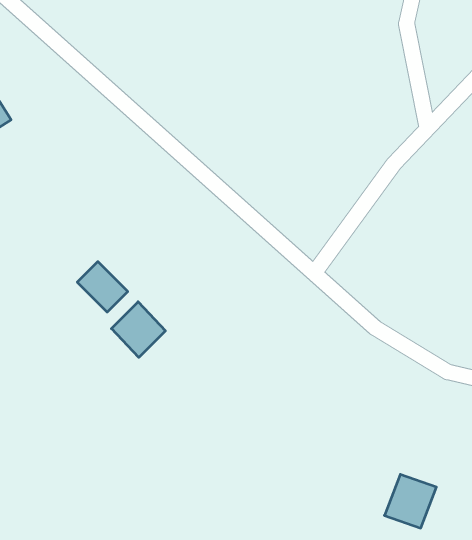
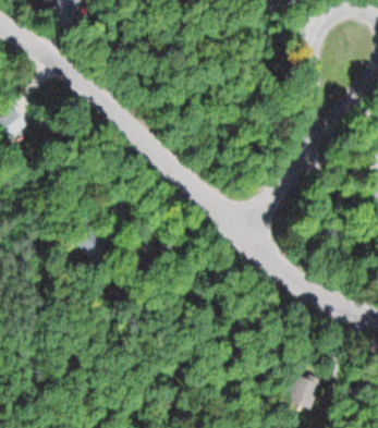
building: [111,302,165,357] -> none

